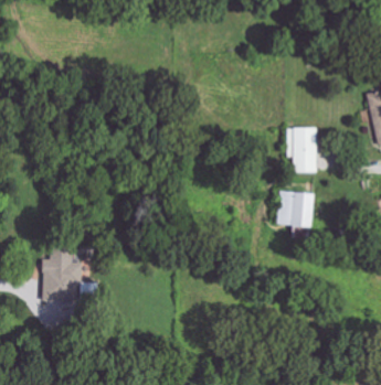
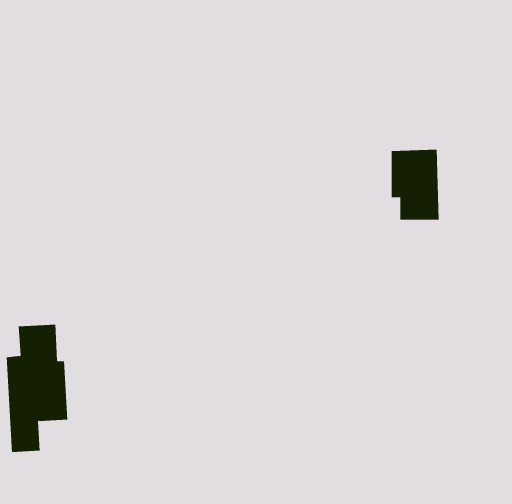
building: [277,191,314,226] -> none

